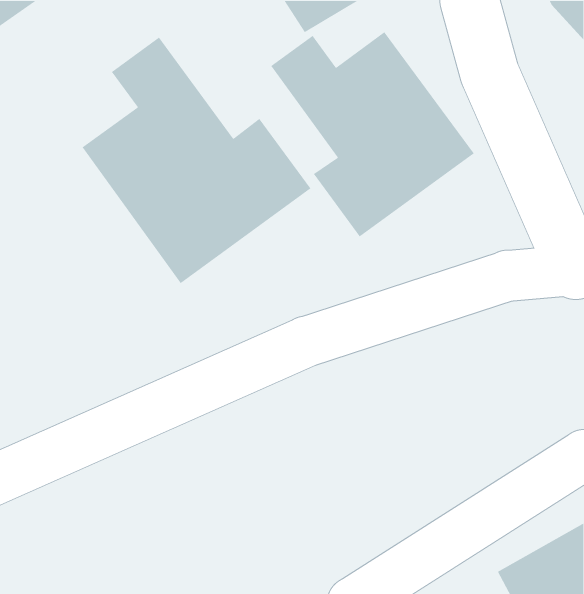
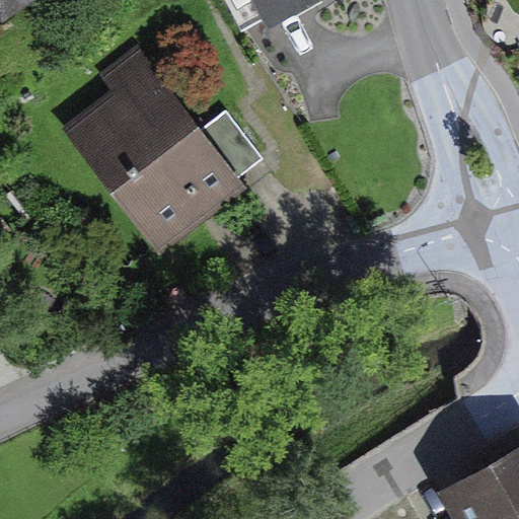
building: [270,31,475,238] -> none

